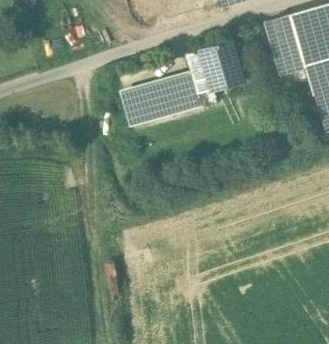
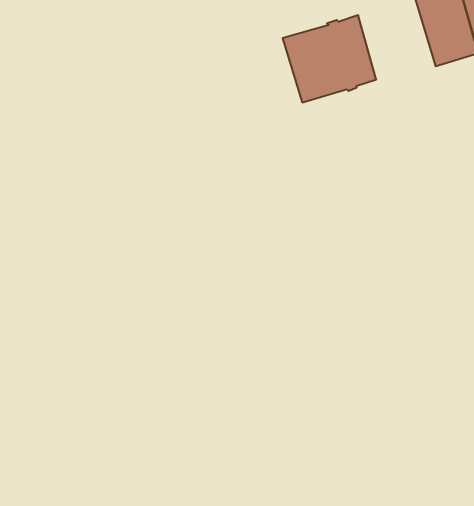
building: [134,78,194,114] -> none

